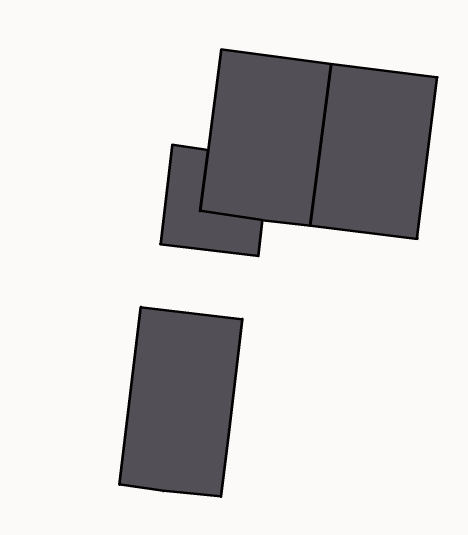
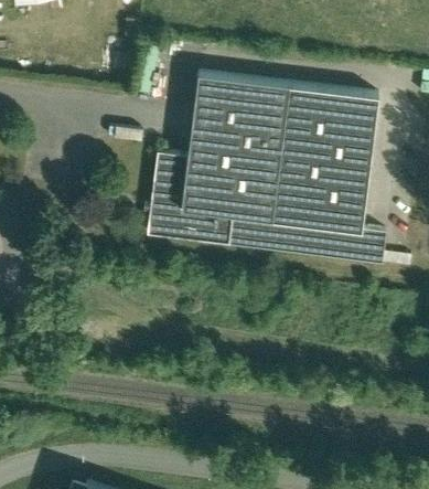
building: none -> [229,212,386,261]
building: [120,307,242,497] -> none

